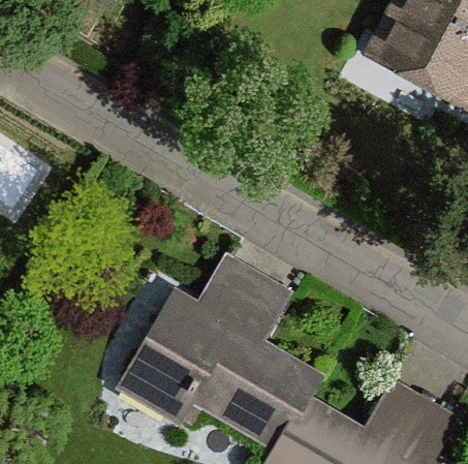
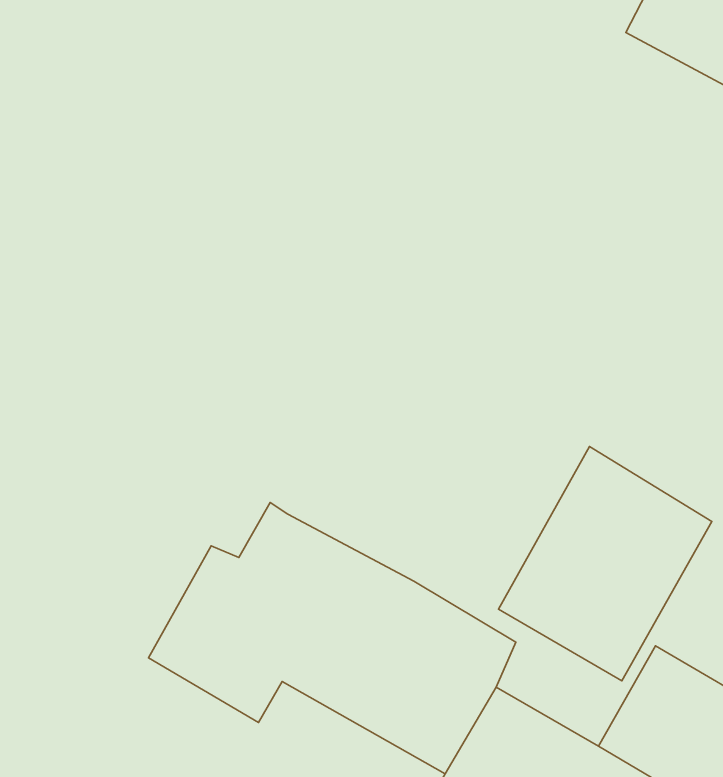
building: [194,254,290,344] -> none
building: none -> [498,446,712,681]

